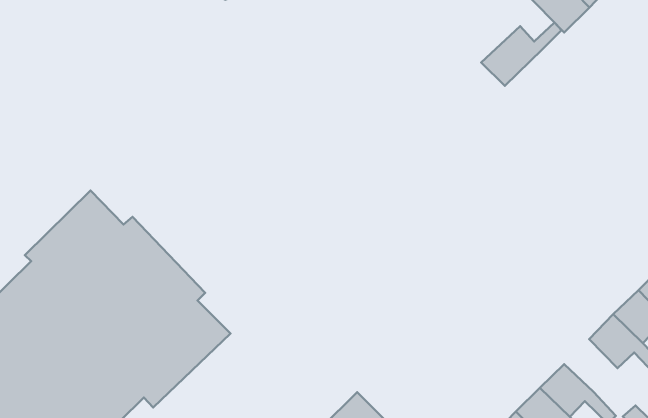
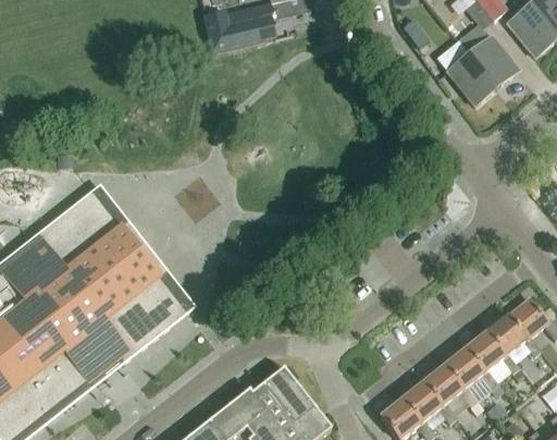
building: [481,22,561,86] -> none
building: none -> [446,346,497,390]

